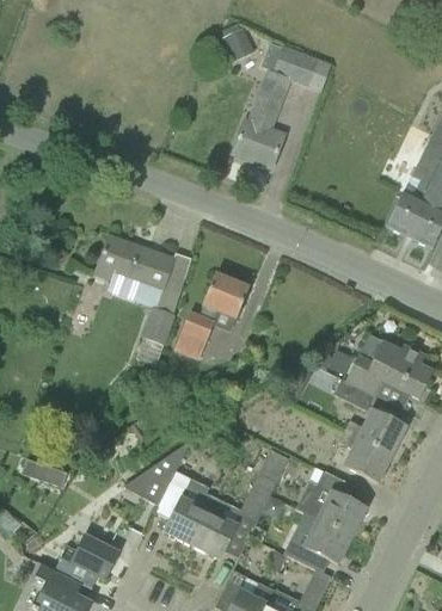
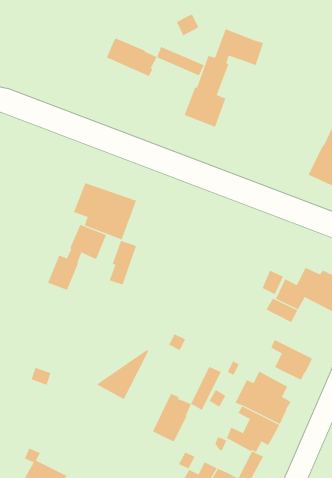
building: none -> [106,38,204,77]
building: [176,274,250,357] -> [47,224,107,291]
building: [345,411,406,455] -> none
building: [156,471,216,545] -> none
building: [55,535,121,588] -> none

